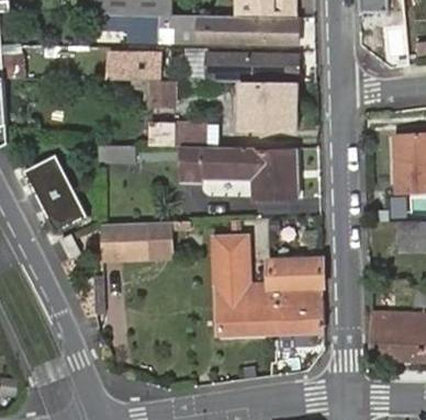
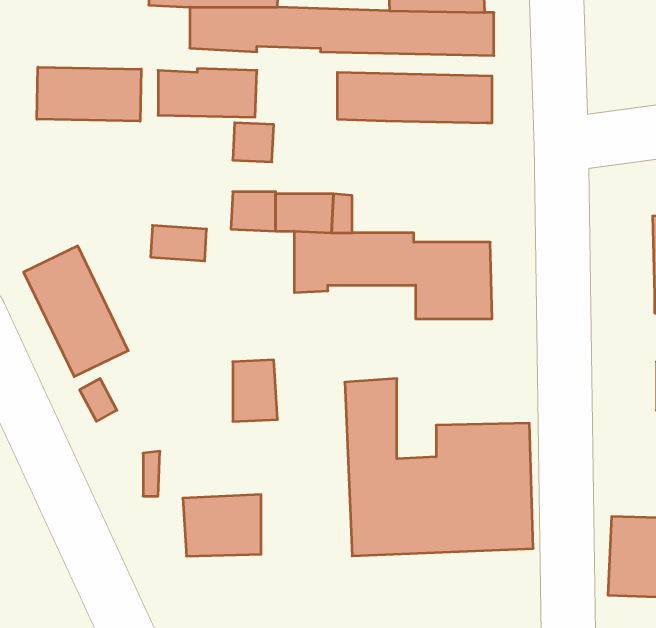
building: none -> [37,67,141,121]
building: [236,81,296,129] -> none
building: [101,223,147,259] -> [183,495,261,556]

